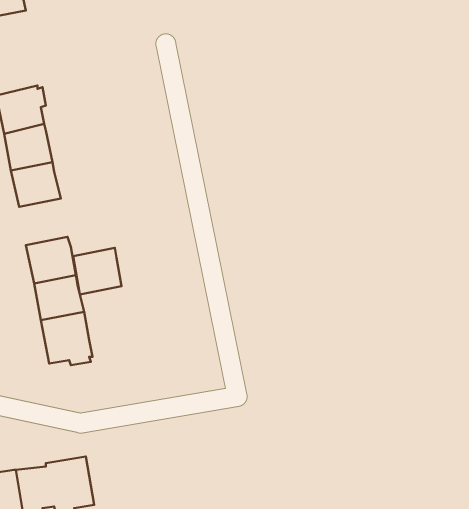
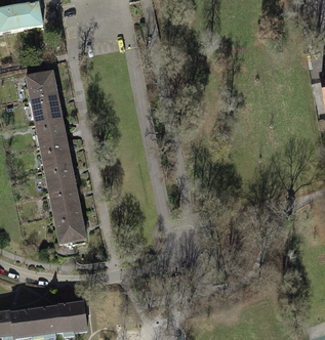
building: [73,248,121,294] -> [40,139,70,168]

